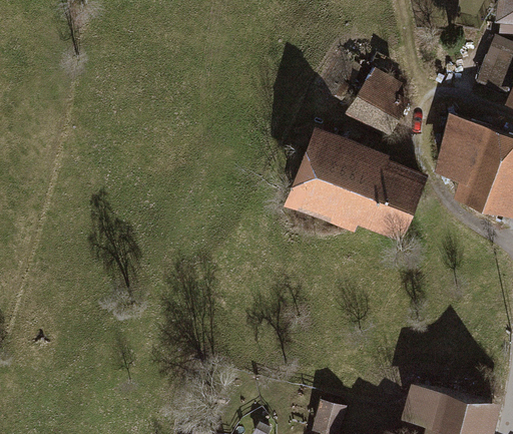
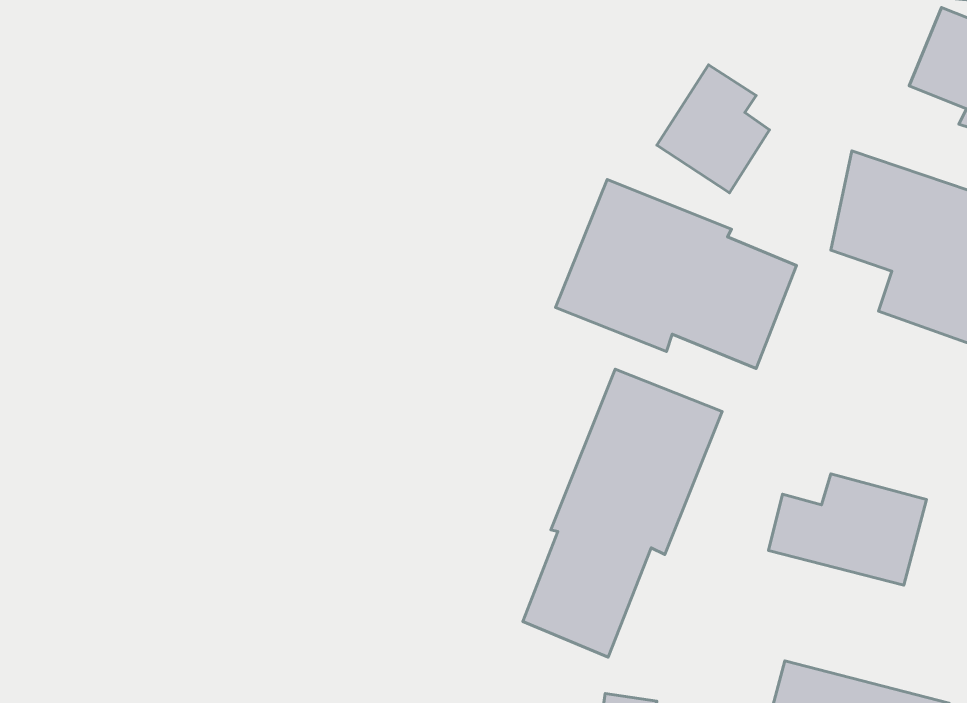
building: none -> [523,369,722,657]
building: none -> [768,474,926,585]

